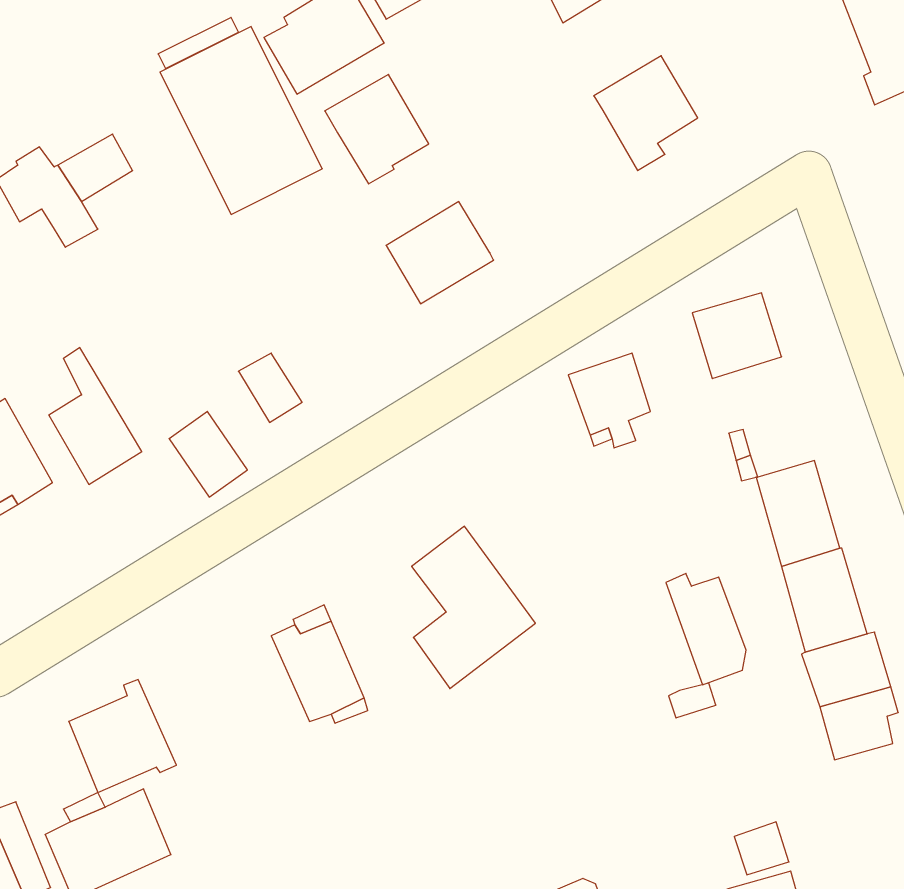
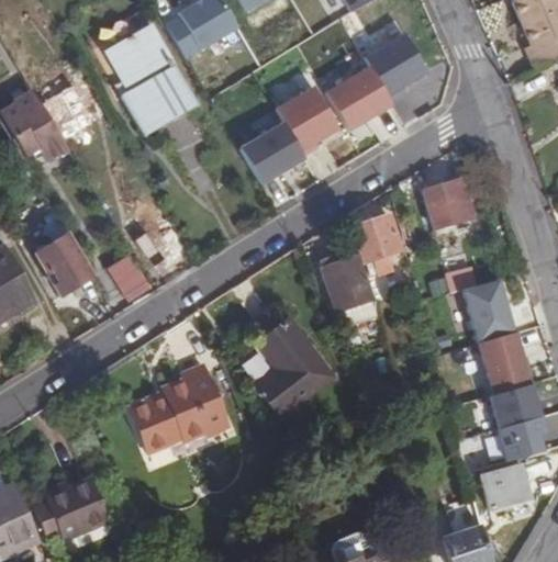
building: [325,74,429,184] -> [275,89,337,155]
building: none -> [325,69,391,133]
building: [666,573,746,685] -> [322,254,370,321]
building: [69,680,176,793] -> [127,385,192,453]
building: none -> [483,465,529,506]

